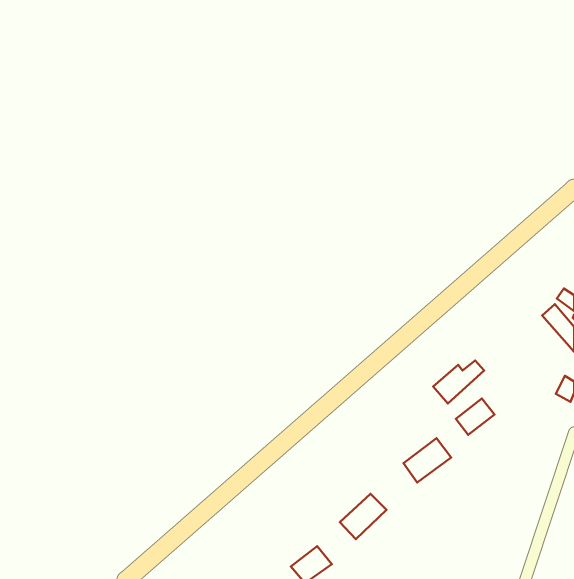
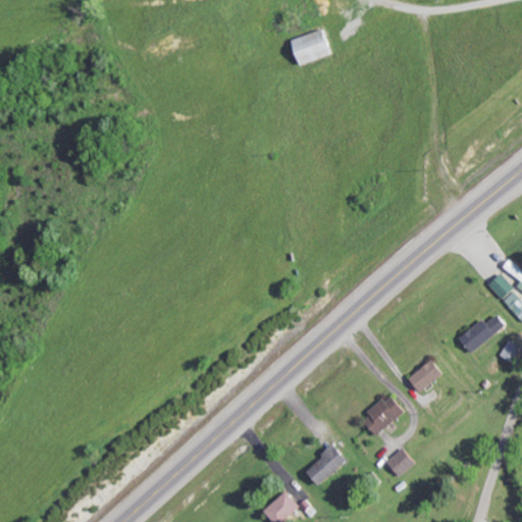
building: none -> [292,30,331,64]
building: [433,360,484,404] -> [459,314,505,353]
building: none -> [385,447,414,475]

